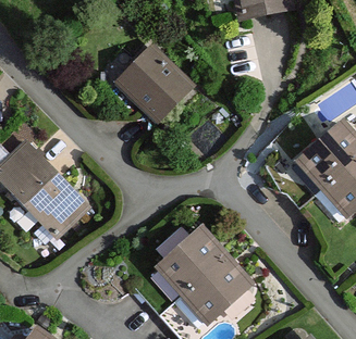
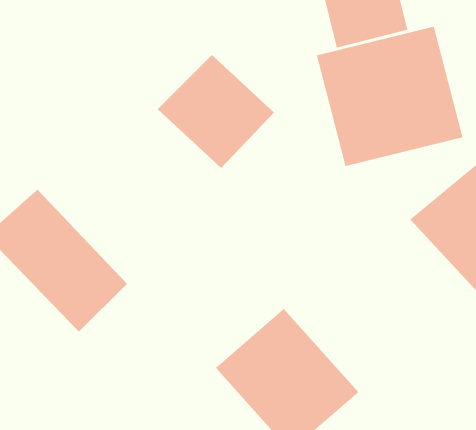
building: none -> [316,26,463,167]

